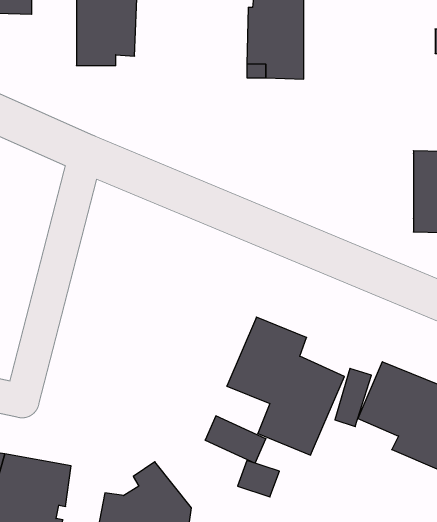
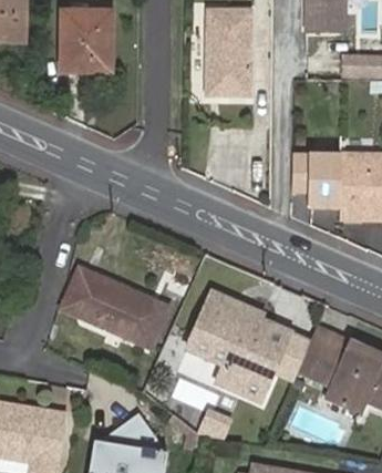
building: none -> [291,155,340,209]
building: none -> [66,270,171,347]

